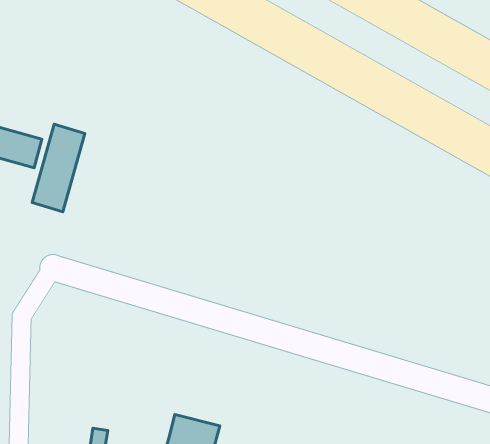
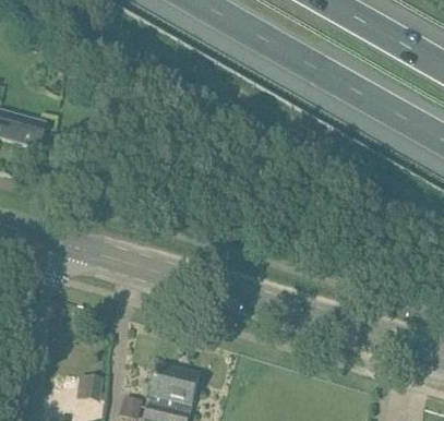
building: [32,124,85,212] -> none

